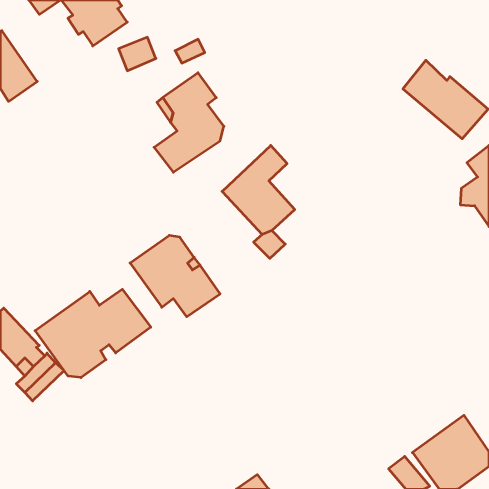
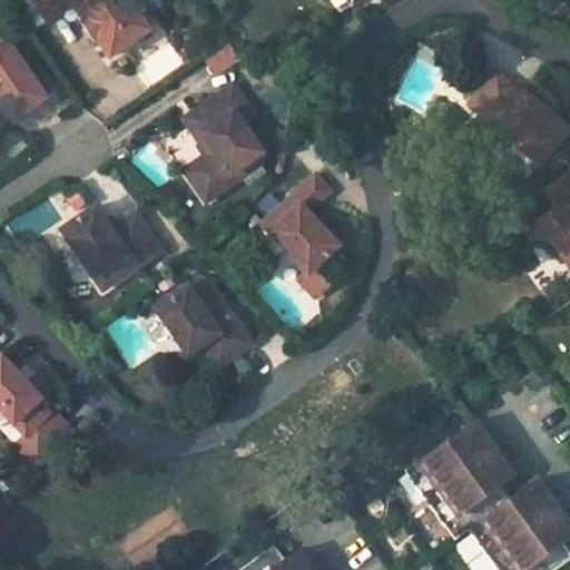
building: none -> [56,199,166,293]
building: [35,289,151,378] -> none
building: none -> [416,422,517,522]

